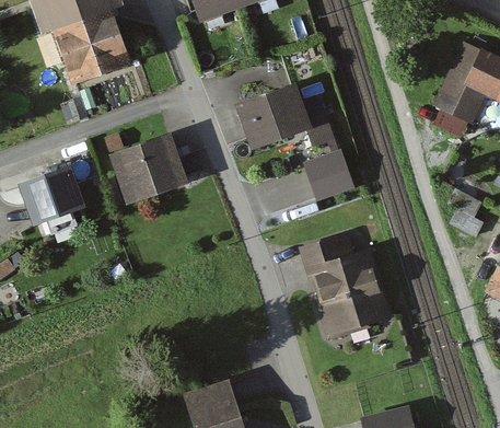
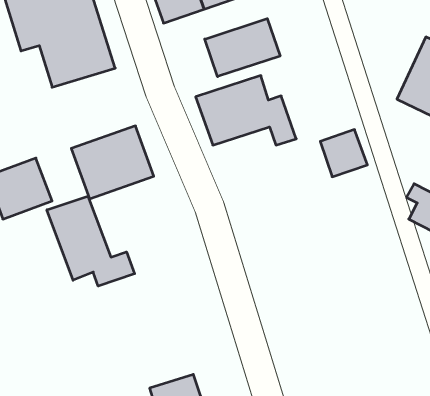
building: none -> [205,19,280,77]
building: [303,151,351,199] -> [320,130,367,177]
building: none -> [47,196,135,286]
building: [298,233,393,337] -> none

